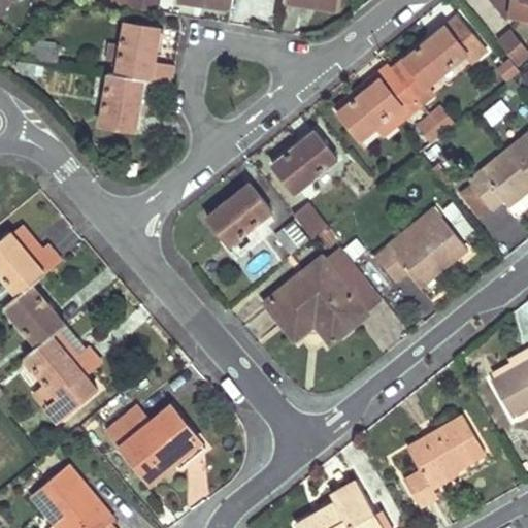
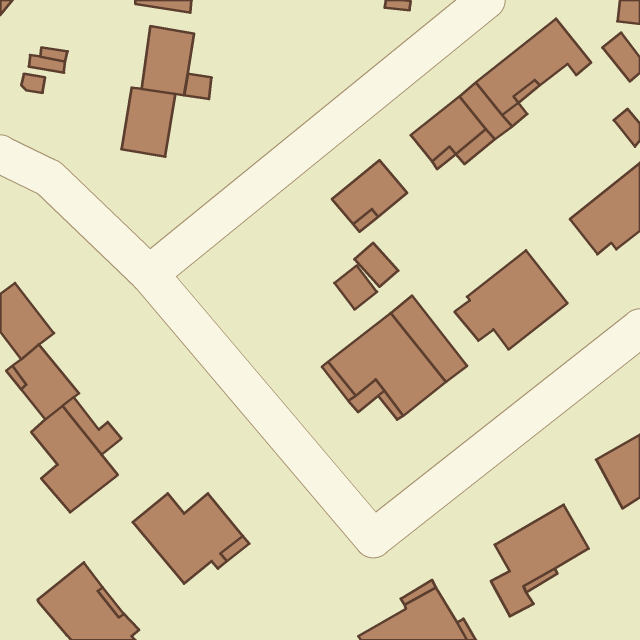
building: [414,102,456,141] -> none
building: [207,184,270,243] -> none

